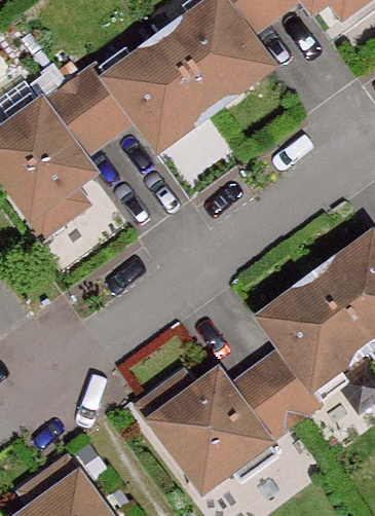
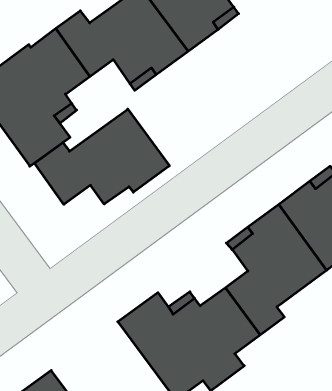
building: none -> [34,109,169,204]

